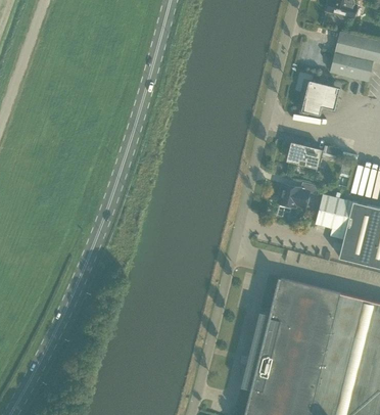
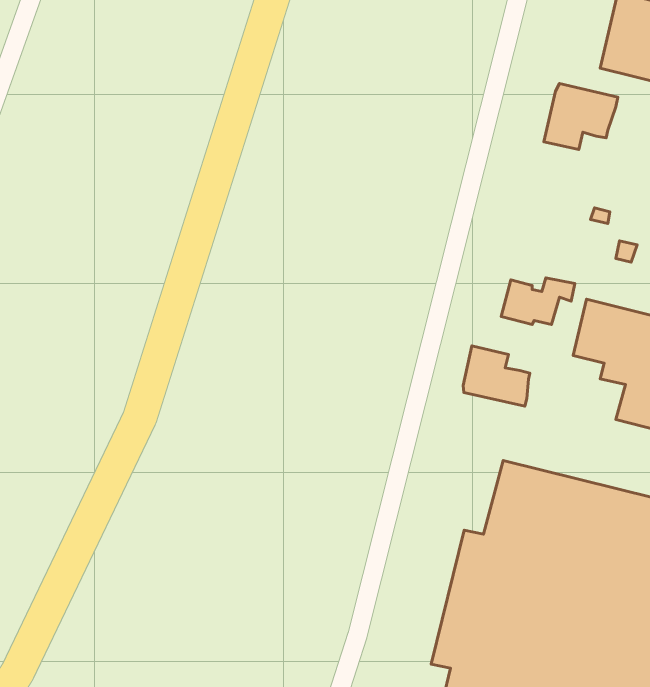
building: [285,143,323,169] -> none
building: none -> [463,346,530,406]

